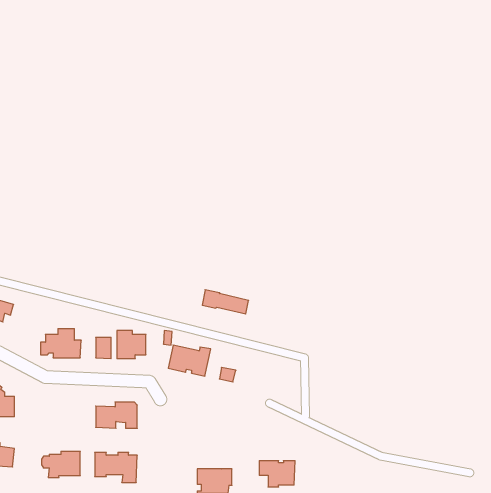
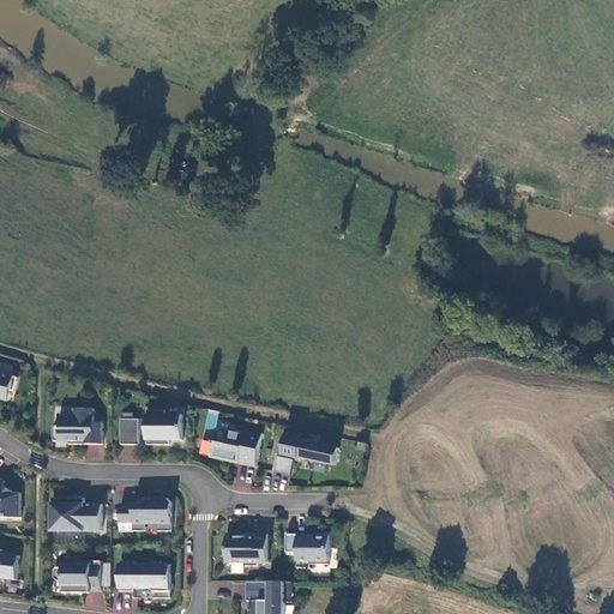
building: [202,290,249,314] -> [281,435,338,465]
building: none -> [50,498,101,531]
building: none -> [218,534,266,566]
building: [259,461,295,487] -> [283,534,327,566]

